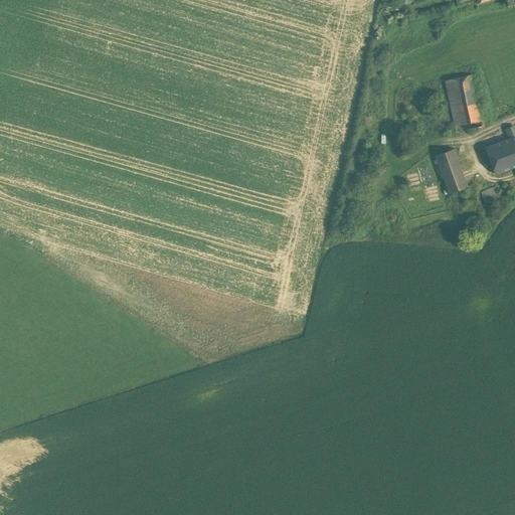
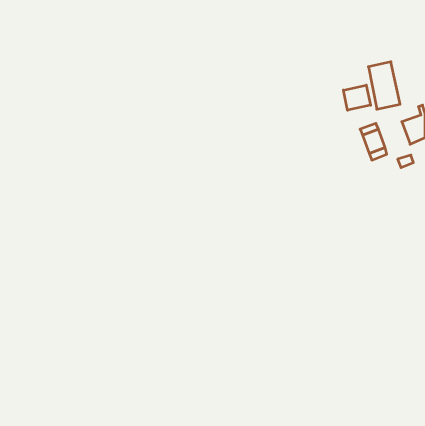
building: none -> [343,85,371,110]

